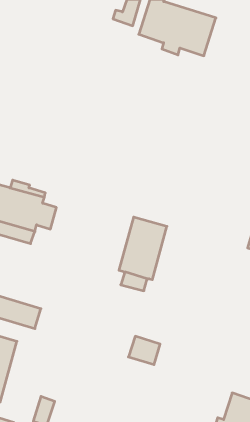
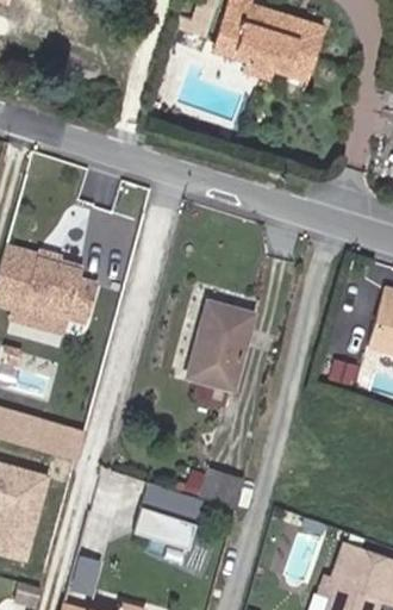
building: none -> [131,481,196,543]

